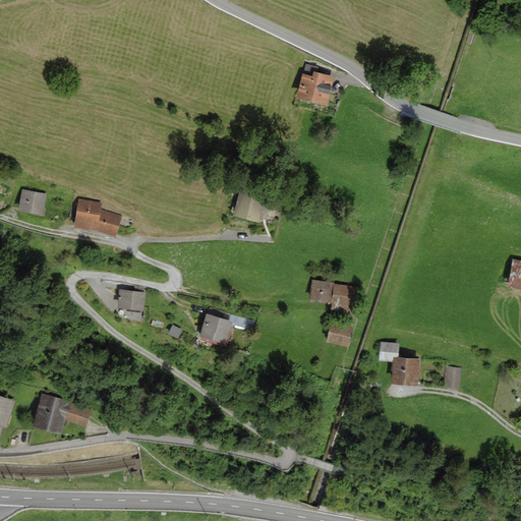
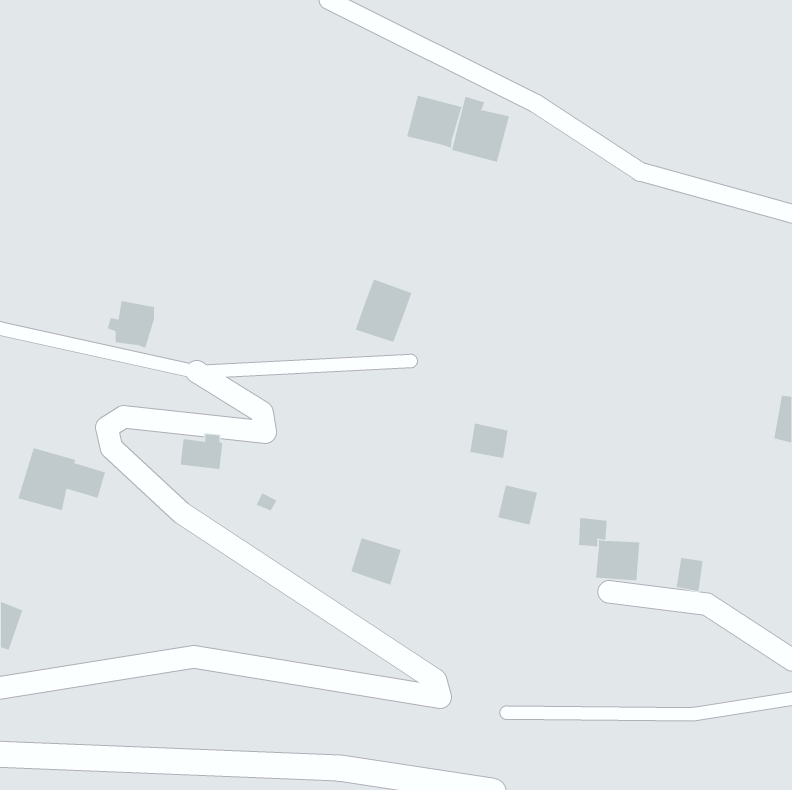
building: none -> [406,95,462,149]
building: [18,189,47,215] -> none
building: [96,211,121,235] -> none
building: [330,284,357,314] -> none
building: [199,312,233,344] -> [350,537,402,585]
building: [33,394,91,436] -> [18,447,106,511]

